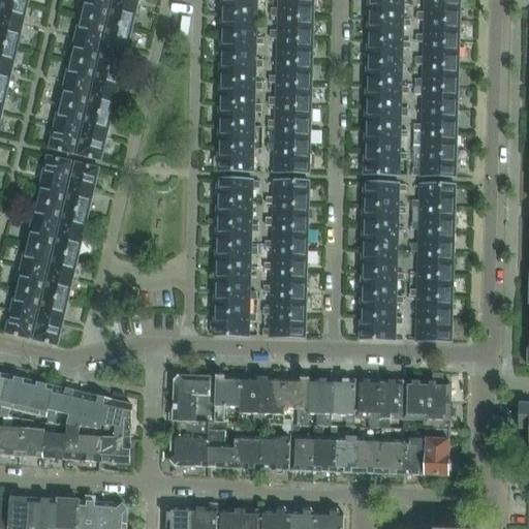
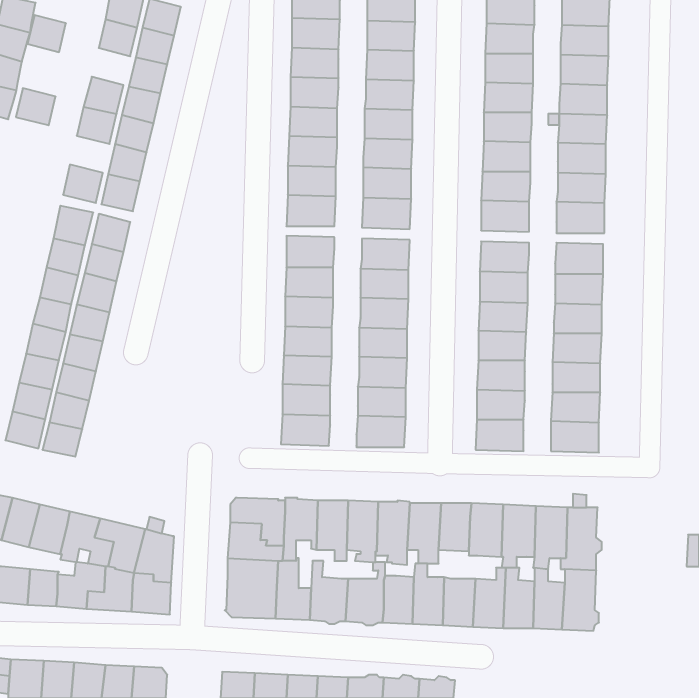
building: [69,36,98,64] -> [28,15,66,52]
building: [53,102,83,130] -> [16,88,56,125]

